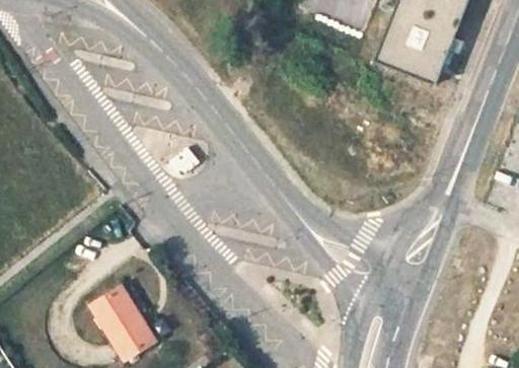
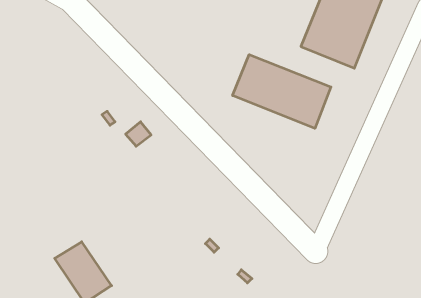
building: none -> [233,55,331,128]

